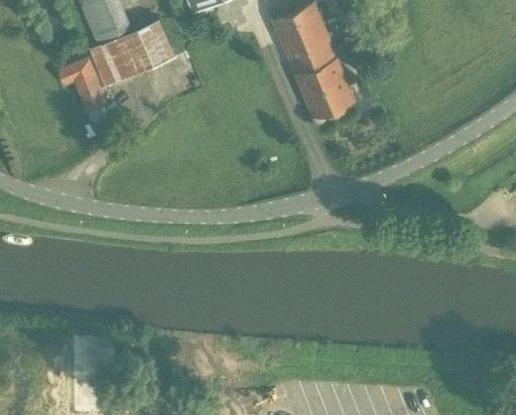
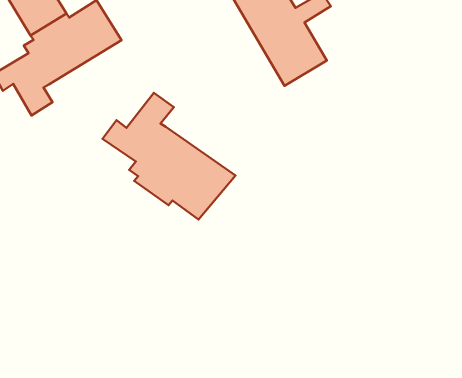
building: none -> [102,93,235,220]

